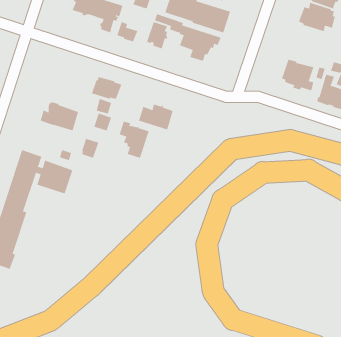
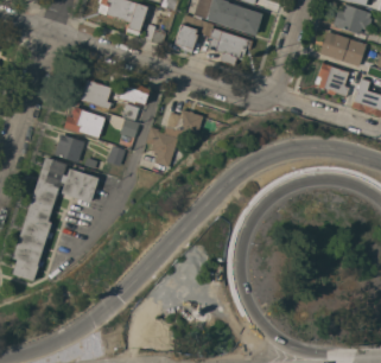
building: none -> [319,31,366,66]
building: none -> [81,79,112,109]
building: none -> [53,134,84,163]

